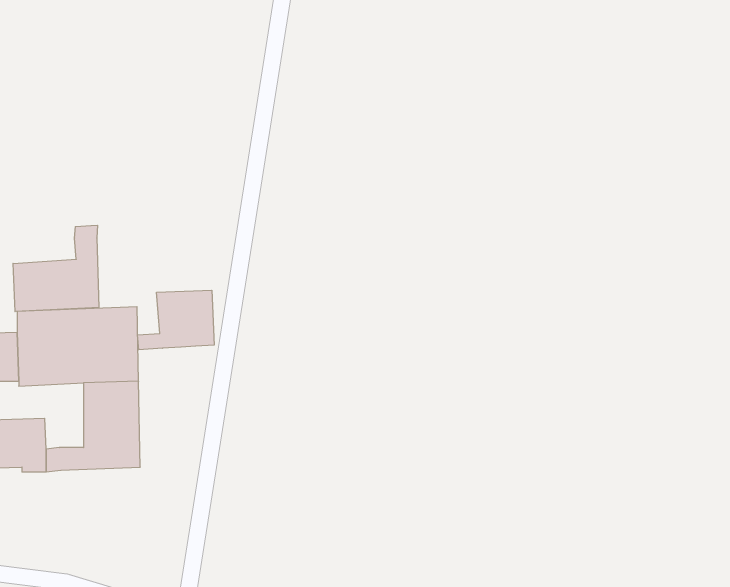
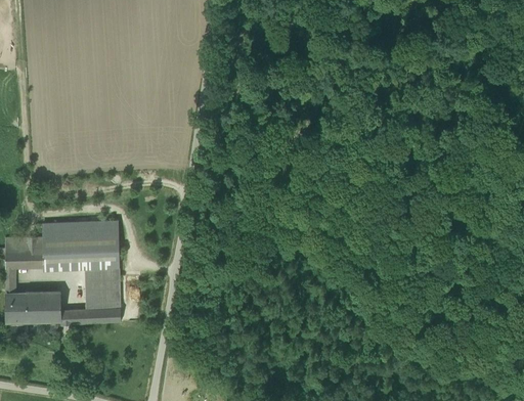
building: [13,225,99,312] -> none
building: [138,290,214,350] -> none

